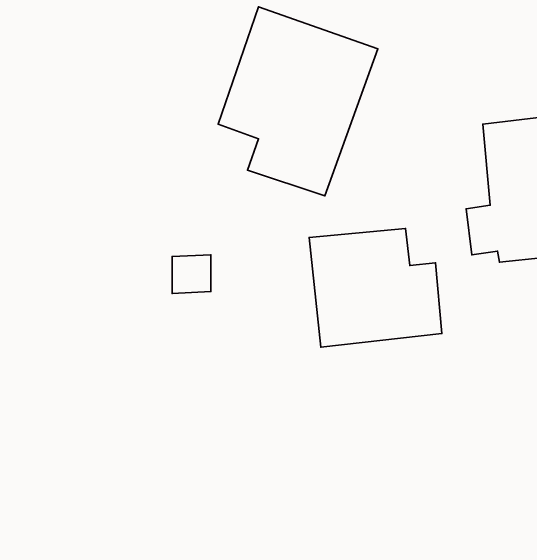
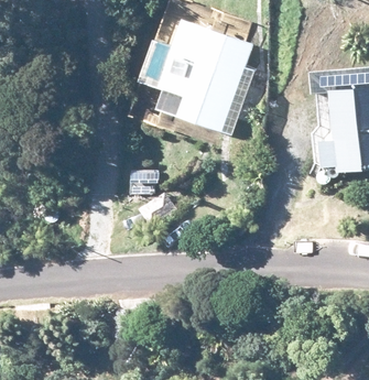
building: [309,228,442,347] -> none

